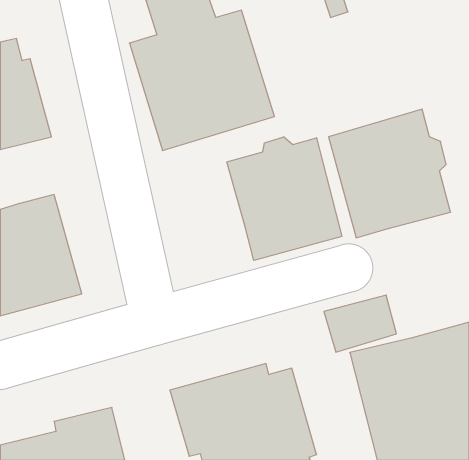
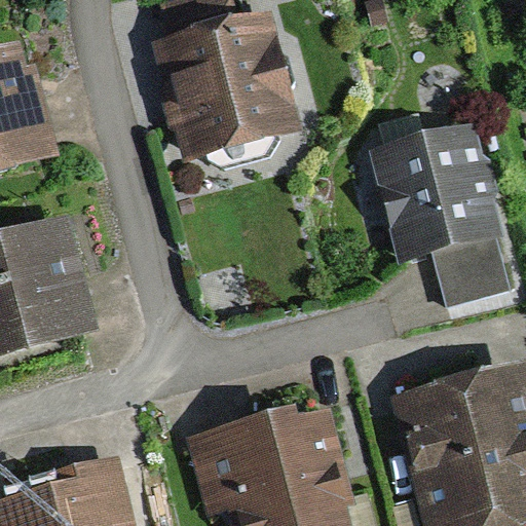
building: [227,137,342,260] -> none
building: [324,295,396,352] -> [435,237,516,301]

